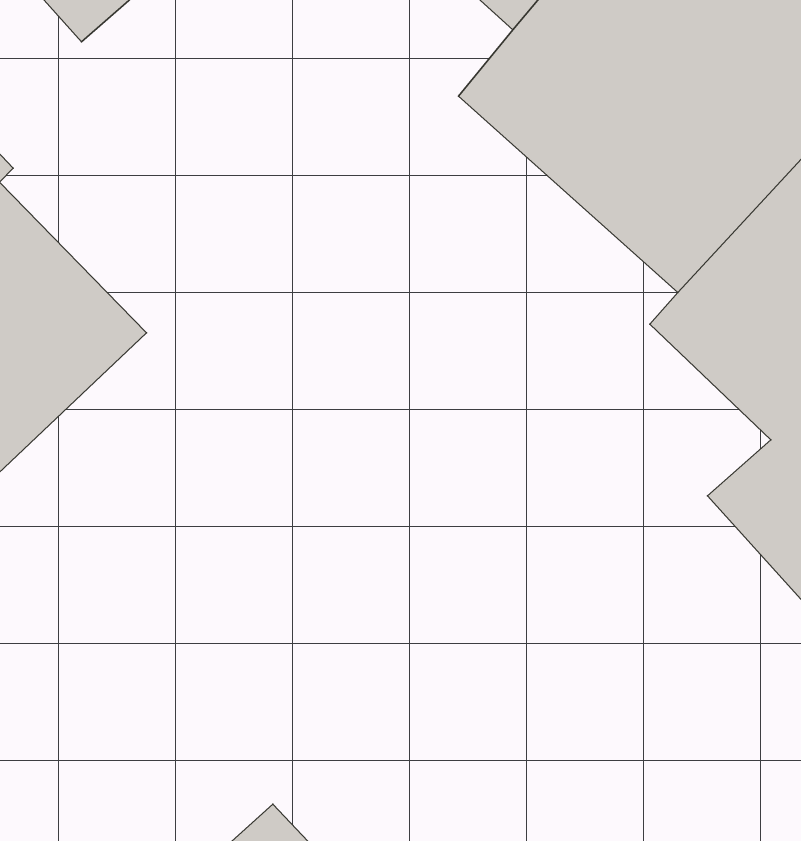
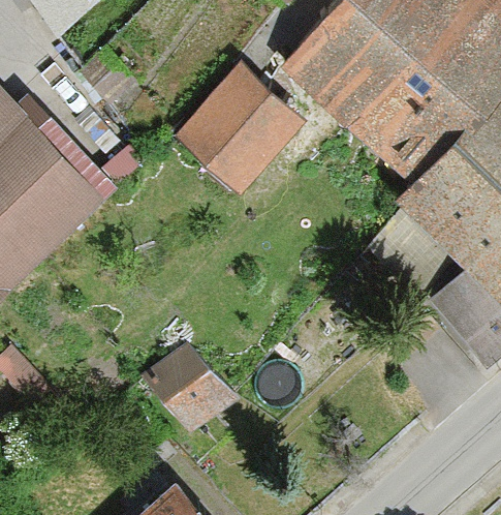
building: none -> [178,63,304,190]
building: none -> [147,342,234,433]

